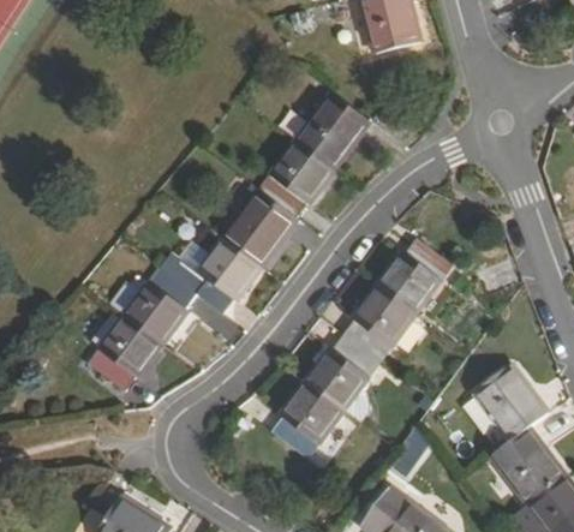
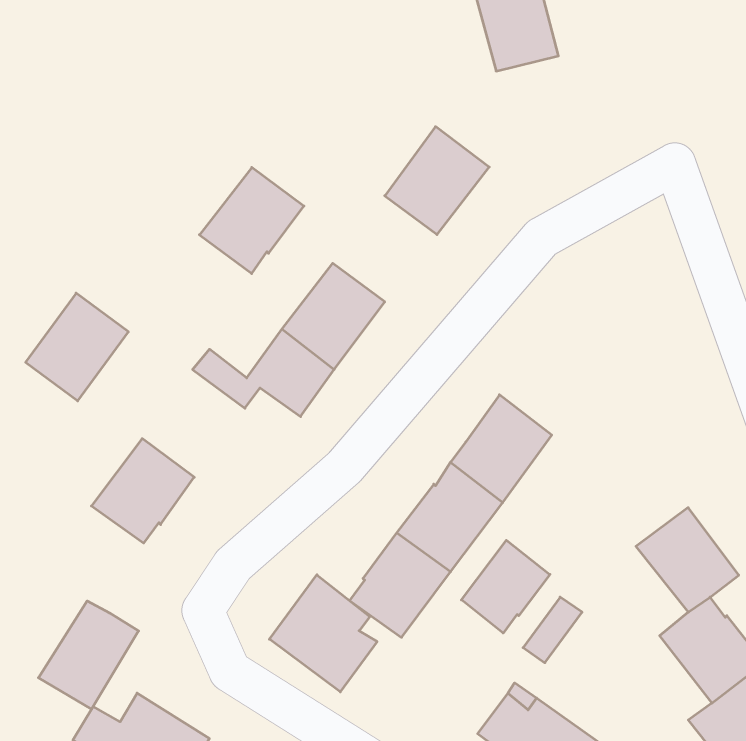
building: [258,142,333,217] -> [199,167,304,274]
building: [377,234,450,312] -> none
building: [122,265,196,342] -> [26,293,128,401]
building: none -> [461,540,550,633]
building: none -> [269,575,377,692]
building: none -> [38,601,139,709]

